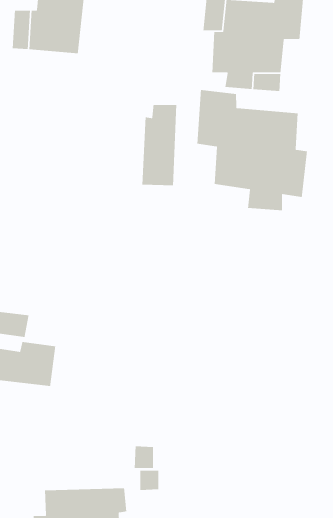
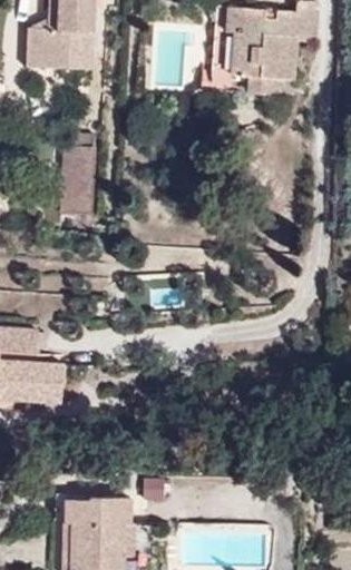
building: [196,89,308,211] -> none
building: [142,104,177,186] -> [61,138,97,220]

